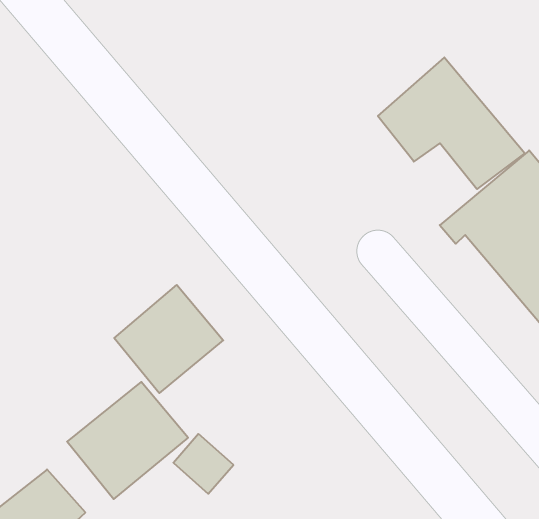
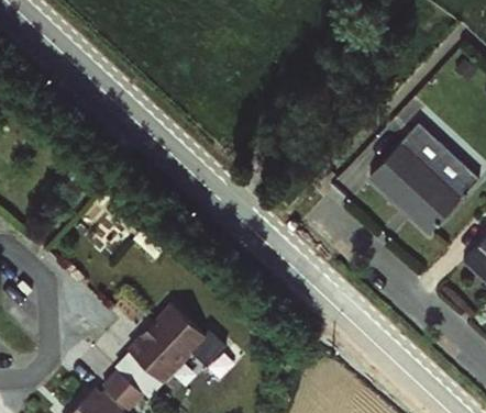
building: [378,57,525,189] -> none
building: [114,285,223,393] -> none

